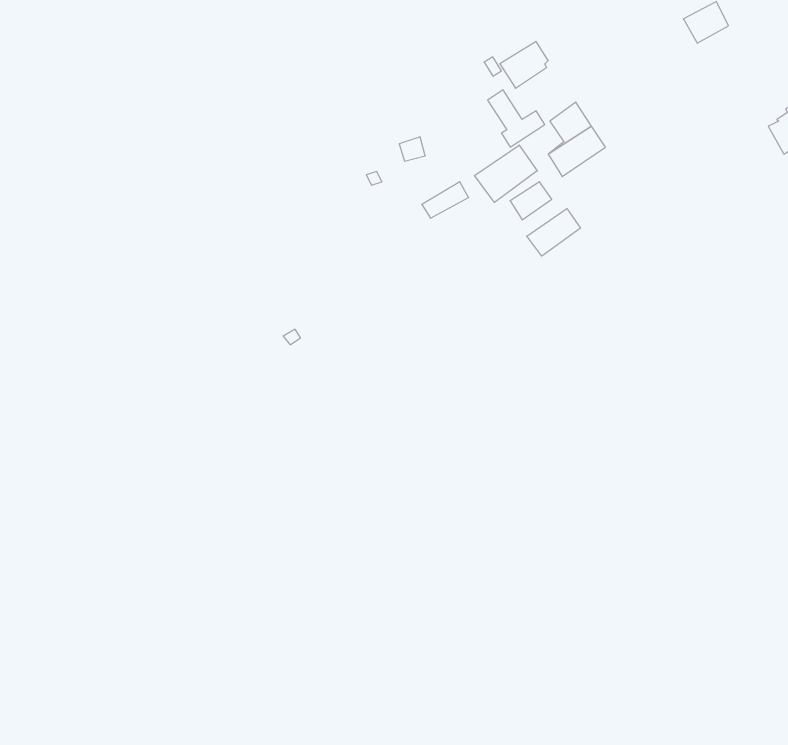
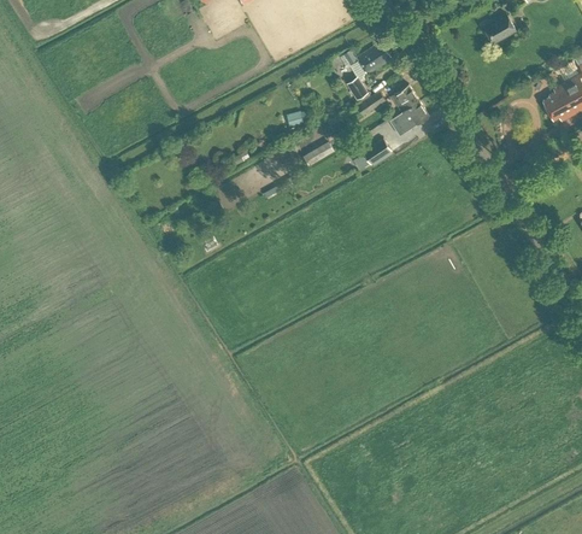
building: [475,145,537,202] -> none
building: [527,209,580,256] -> none

